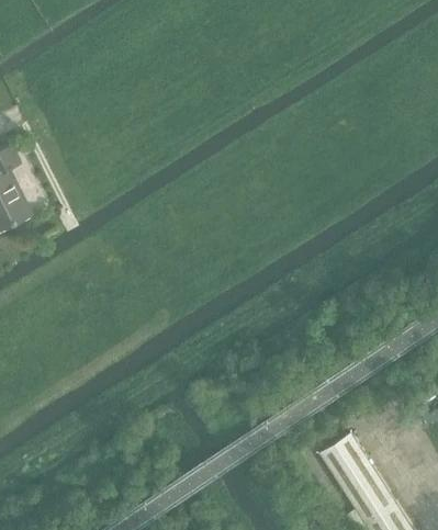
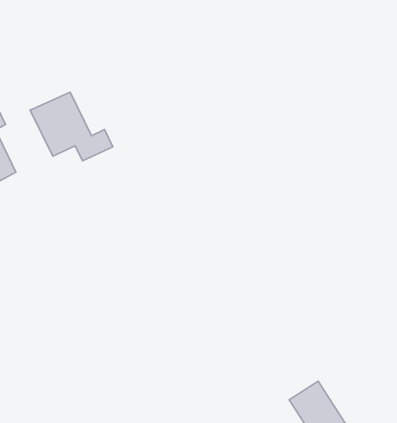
building: none -> [30,92,113,161]

